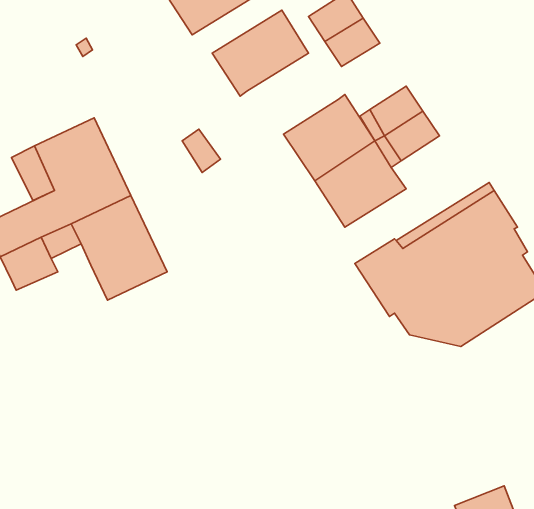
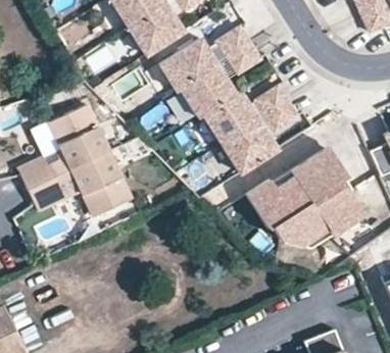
building: none -> [180,64,236,116]

